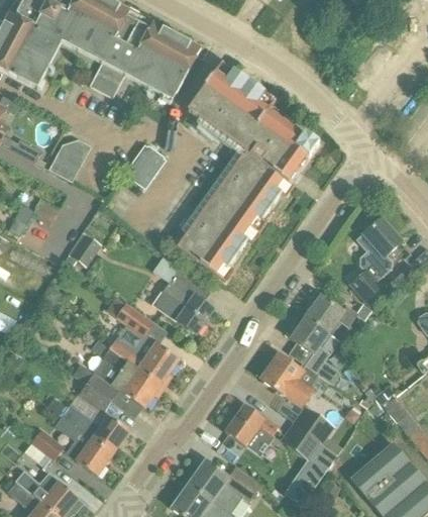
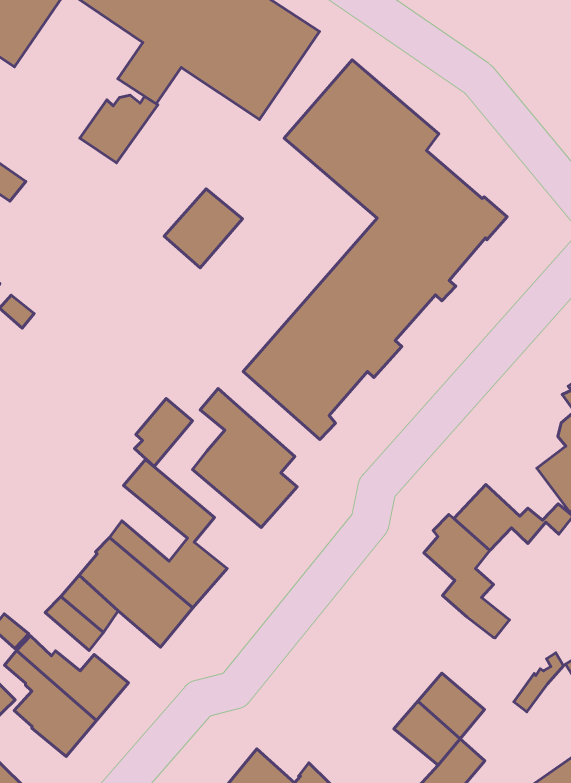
building: [47,142,90,182] -> [80,95,158,163]
building: [70,232,101,272] -> [135,399,192,467]
building: [260,355,317,403] -> none
building: [224,406,276,452] -> none

